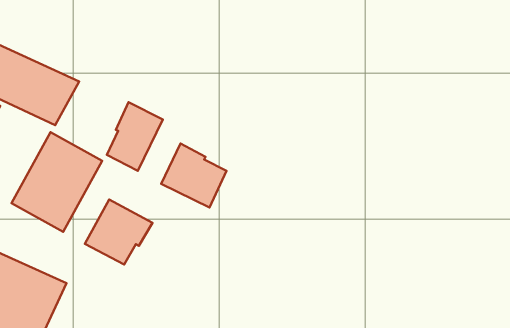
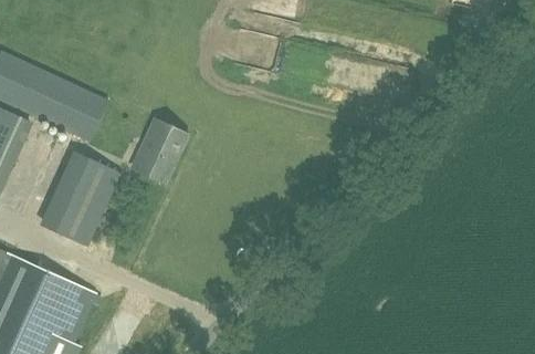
building: [161,144,227,208] -> none
building: [85,200,152,265] -> none

